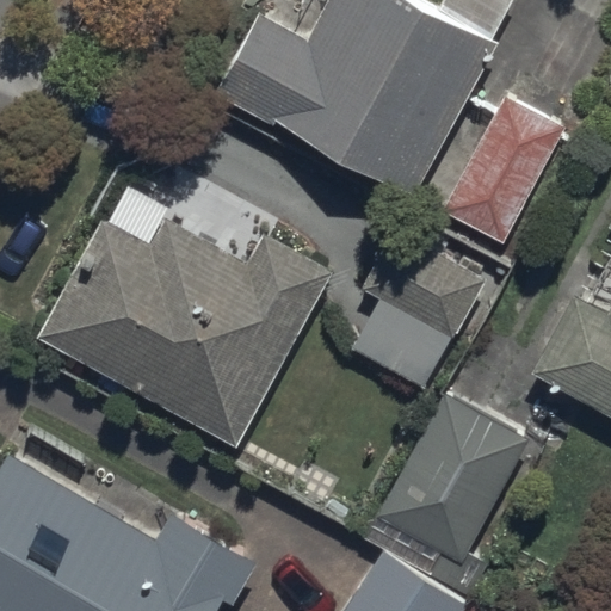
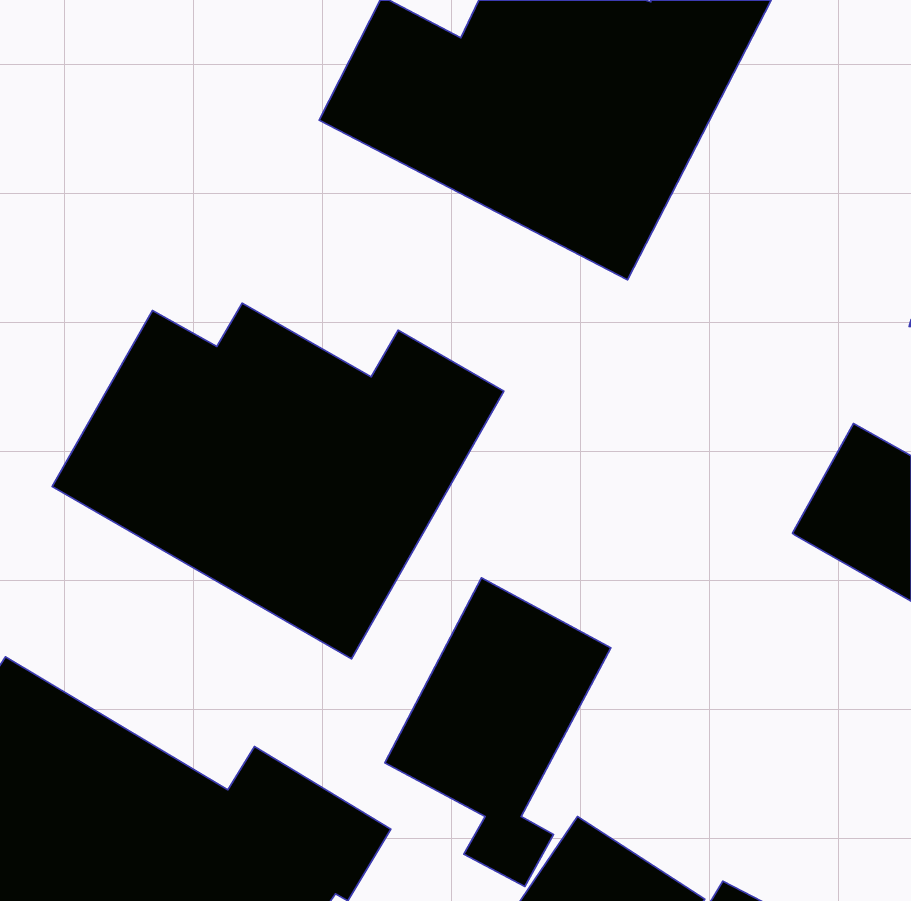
building: [436,92,564,242] -> none
building: [354,227,485,391] -> none
building: [381,399,531,604] -> [385,578,611,887]

